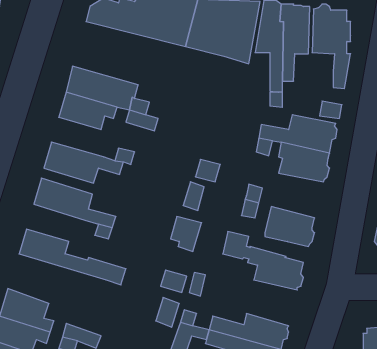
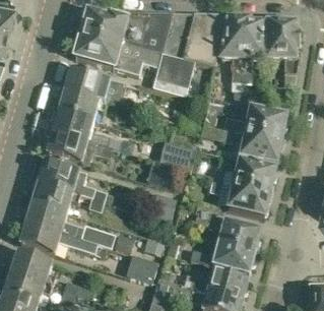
building: none -> [74,34,194,97]
building: none -> [53,112,98,144]
building: none -> [233,162,275,194]
building: none -> [33,183,80,213]
building: none -> [19,224,98,255]
building: none -> [189,245,255,275]

